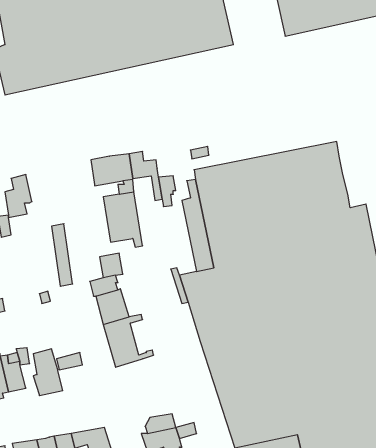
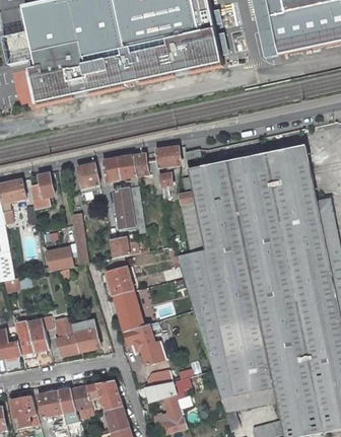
building: none -> [155,145,180,166]
building: none -> [77,161,100,192]
building: none -> [46,245,73,270]
building: none -> [123,323,165,364]
building: none -> [75,329,100,350]

